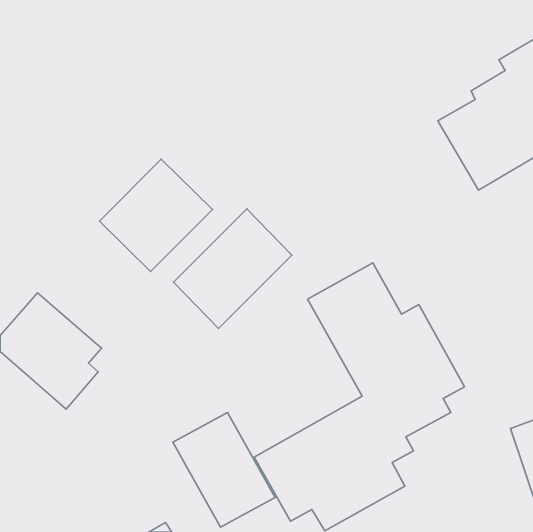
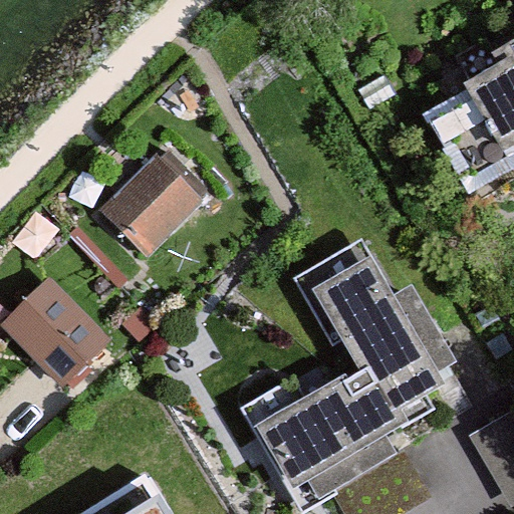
building: [173,209,292,328] -> none
building: [173,412,275,527] -> none

